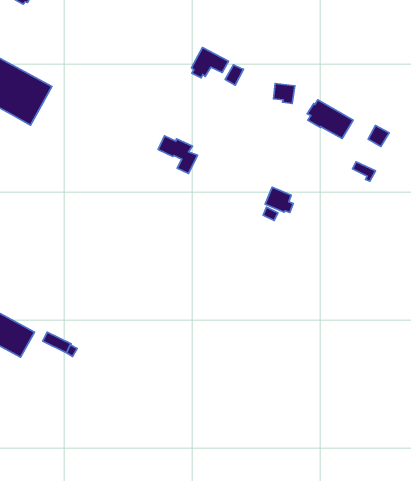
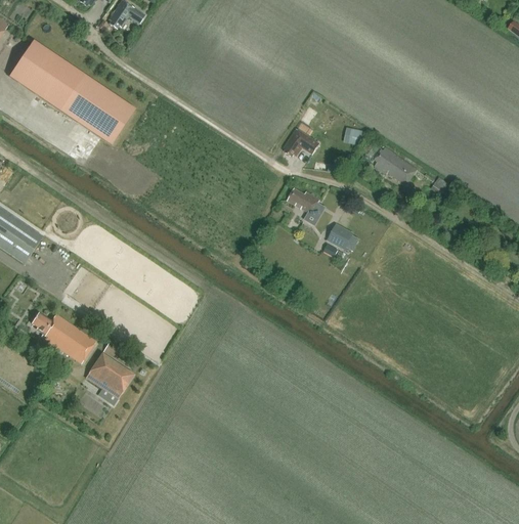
building: [191,47,229,78] -> [284,127,319,156]
building: [158,136,198,173] -> [288,186,325,224]
building: none -> [86,352,134,404]

